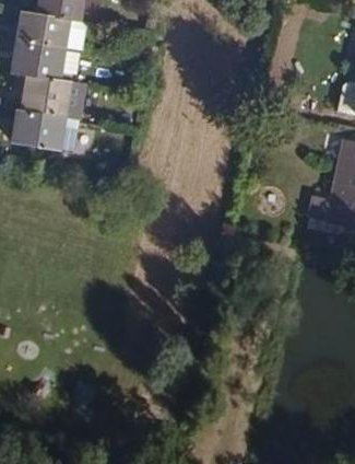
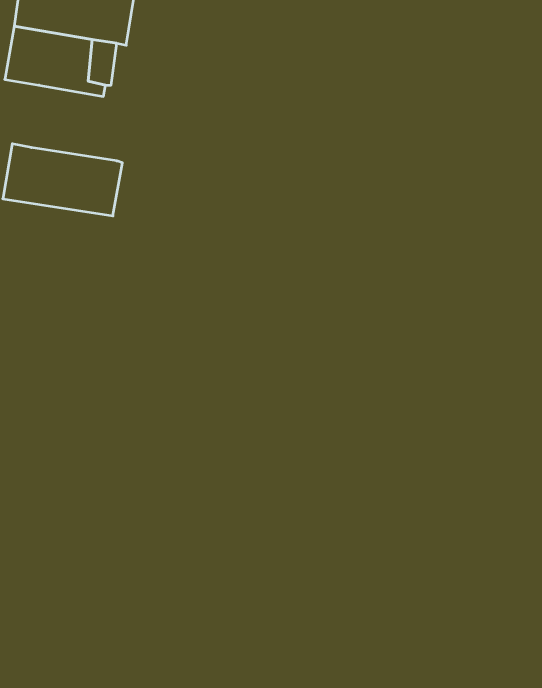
building: [25,85,76,129] -> none

